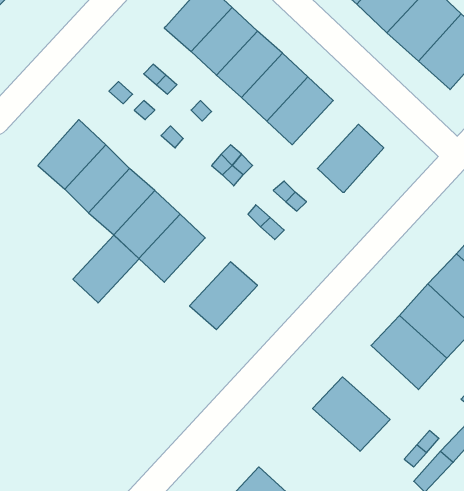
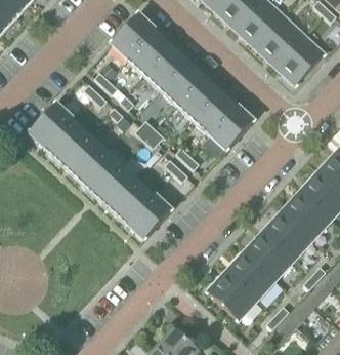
building: none -> [194,90,237,134]
building: [73,235,139,303] -> [111,180,154,224]
building: none -> [226,249,275,298]

